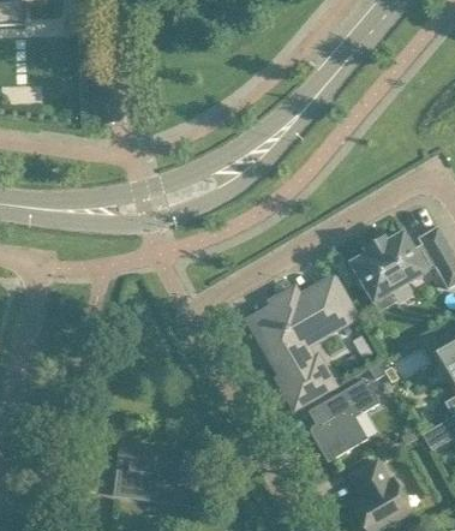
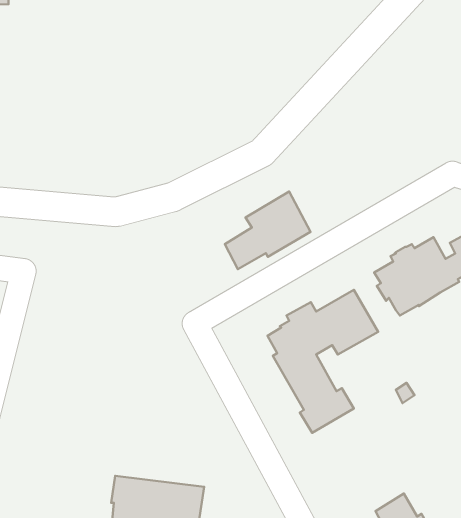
building: none -> [225,192,310,269]
building: [306,378,378,463] -> none

